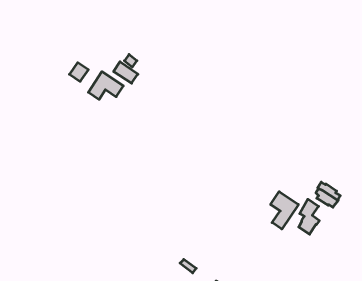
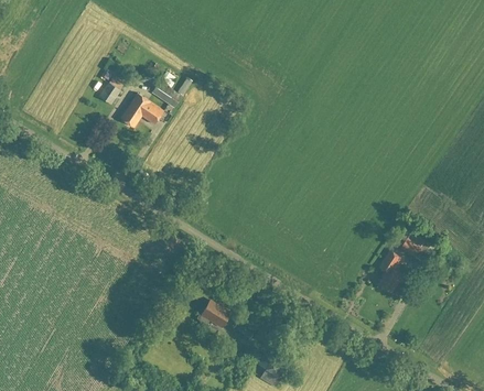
building: [271,192,298,229] -> none
building: none -> [196,300,229,326]

